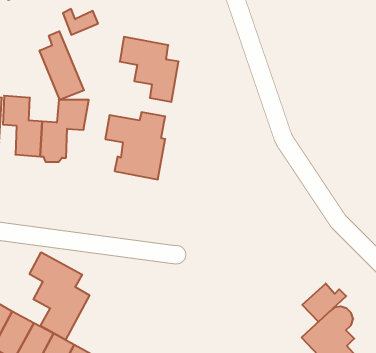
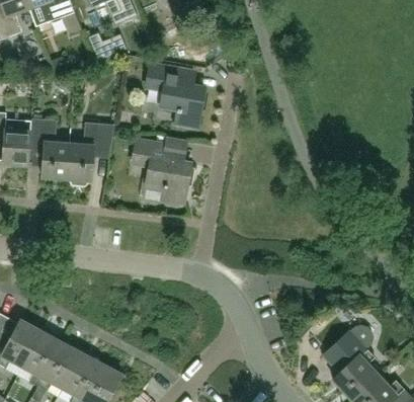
building: [40,31,84,100] -> none
building: [30,252,89,340] -> none
building: [302,283,346,322] -> none

